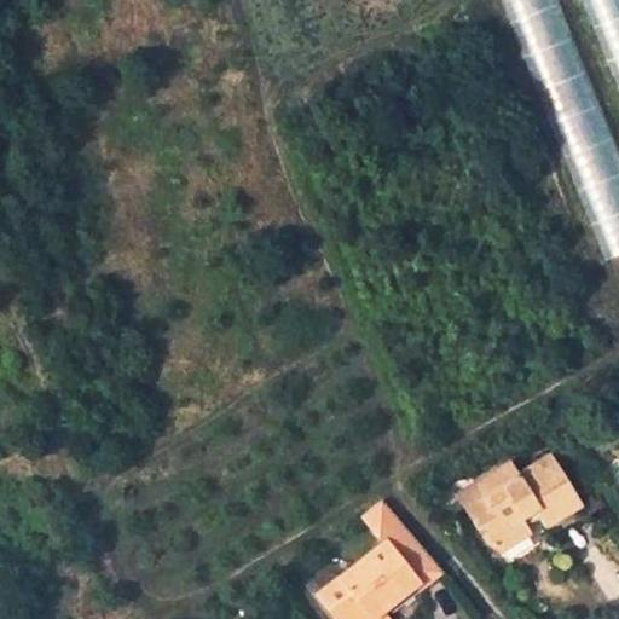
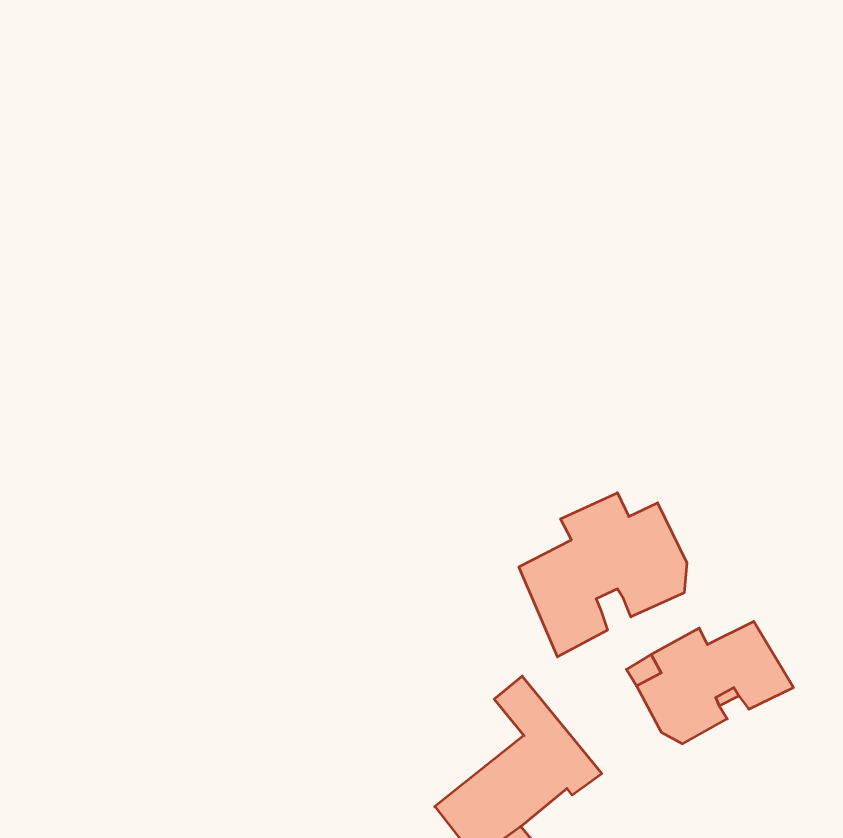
building: none -> [519,493,687,657]

